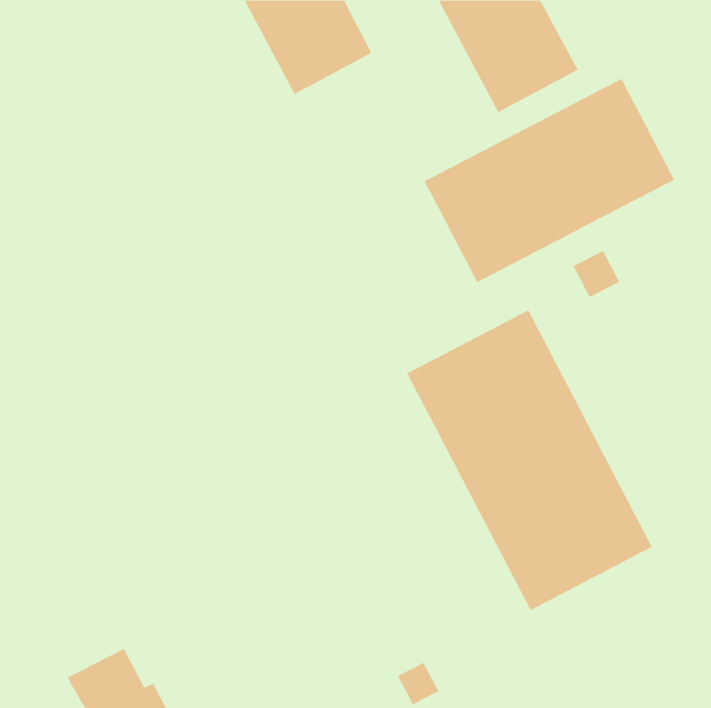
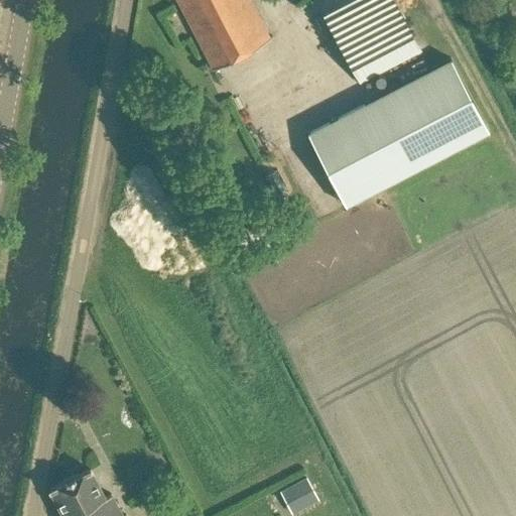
building: [573,250,620,298] -> none
building: [407,310,653,611] -> none

